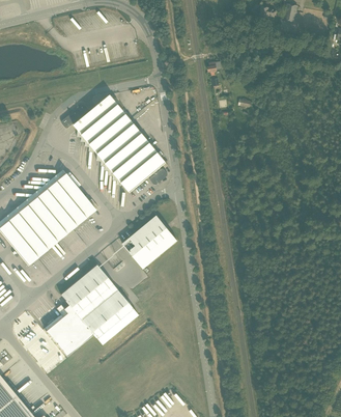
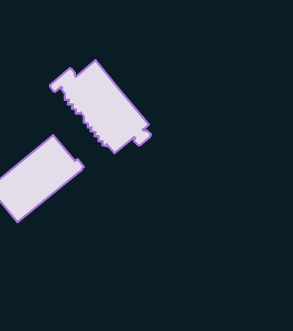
building: [122,215,177,268] -> none
building: [45,265,138,356] -> none

